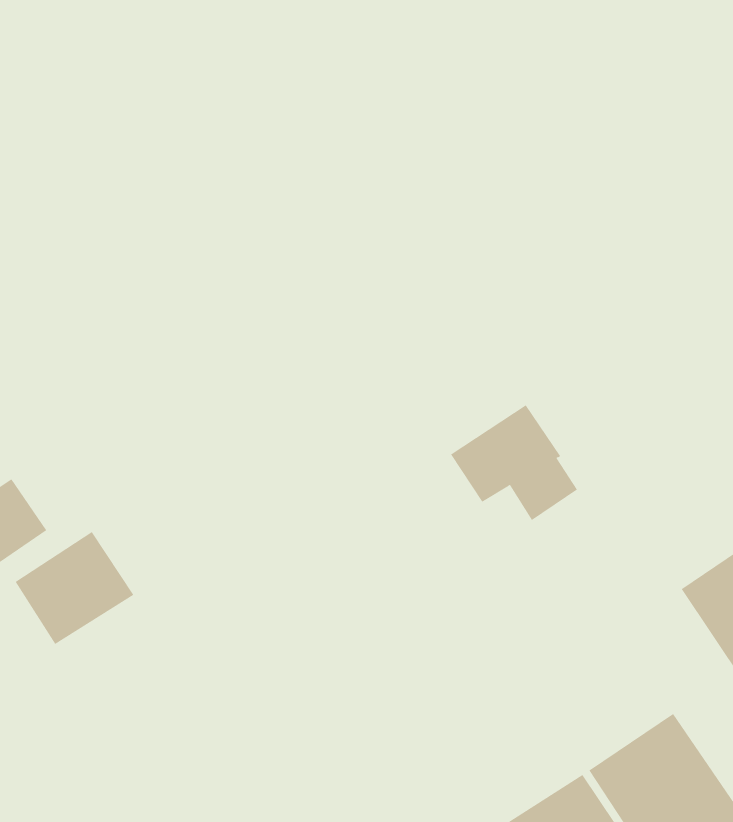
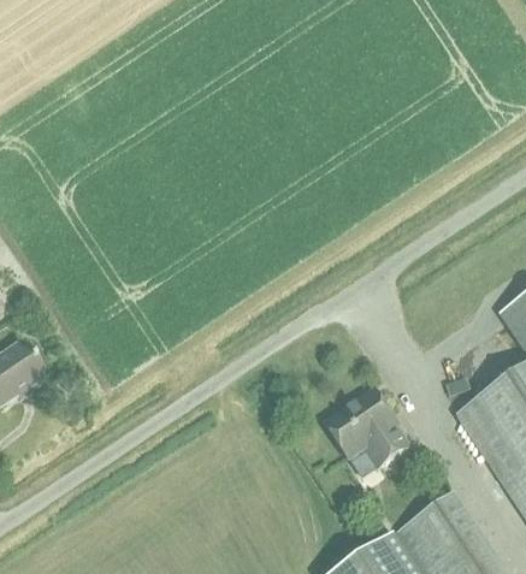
building: [450,405,578,521] -> [326,391,409,467]
building: [15,531,134,645] -> none

